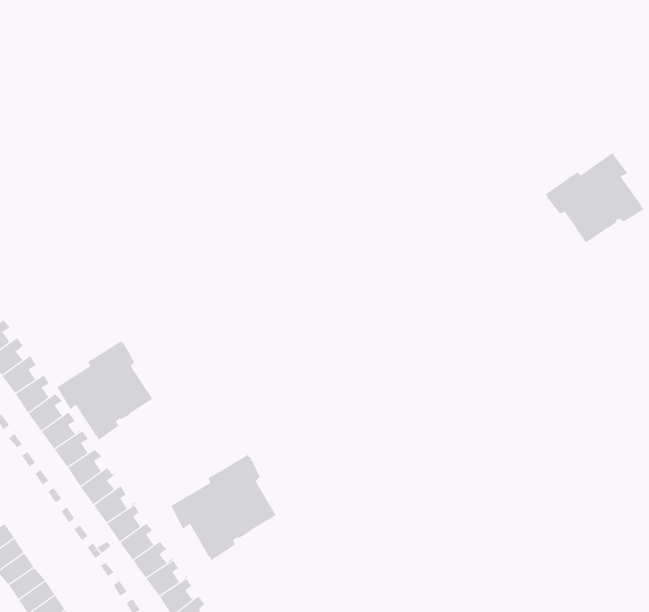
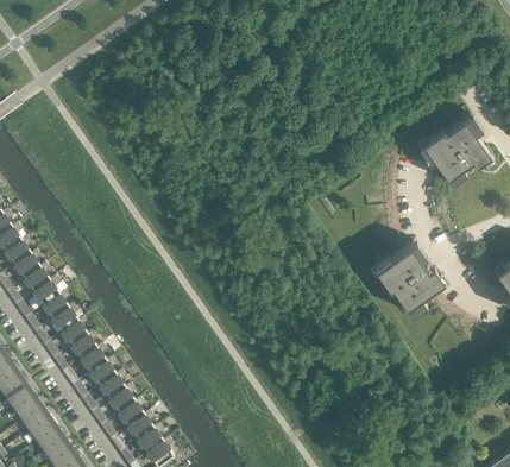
building: none -> [372,245,443,314]
building: [56,340,153,441] -> none
building: [169,454,277,561] -> none

